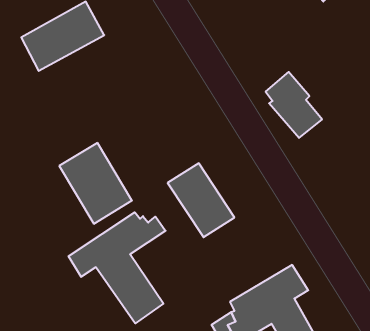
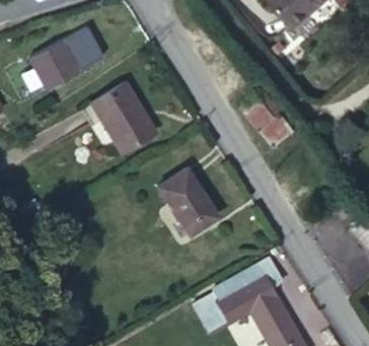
building: [59,143,132,224] -> [90,82,154,153]
building: [69,212,166,323] -> none

